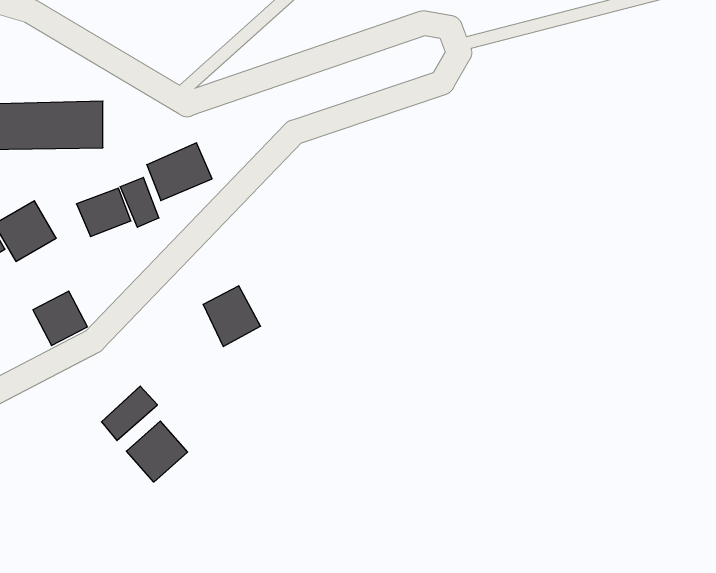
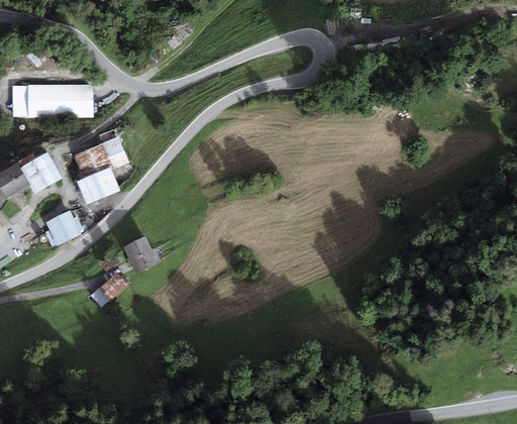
building: [147,143,212,201] -> [77,167,119,204]
building: [203,286,261,347] -> [122,233,160,273]
building: [126,421,188,482] -> none

